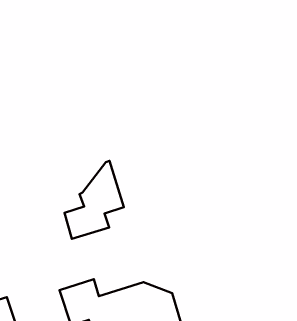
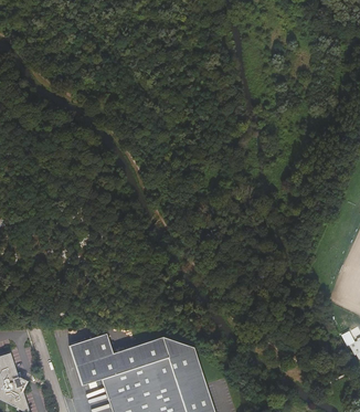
building: [64,161,124,239] -> none

